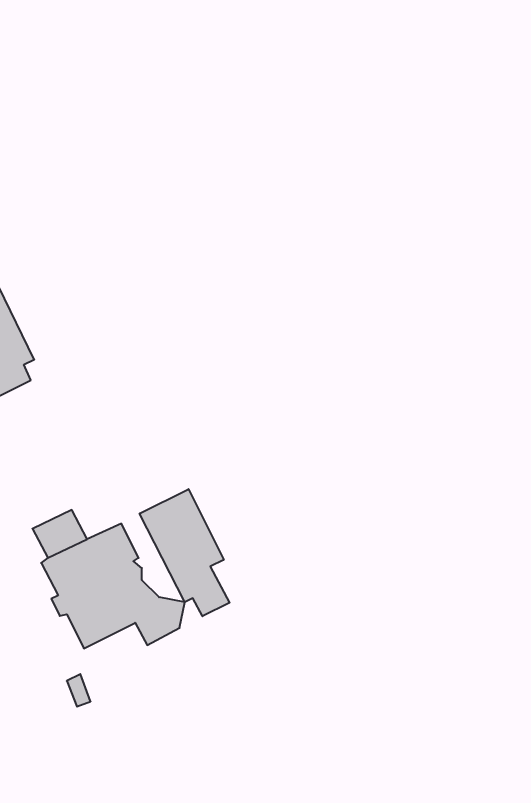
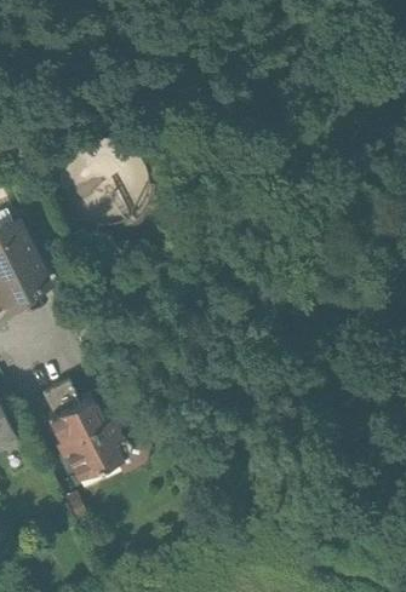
building: [140,489,230,616] -> none

